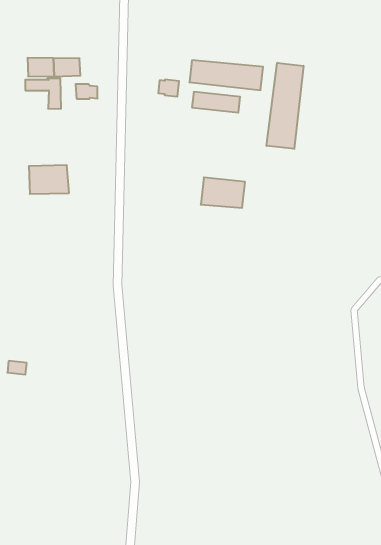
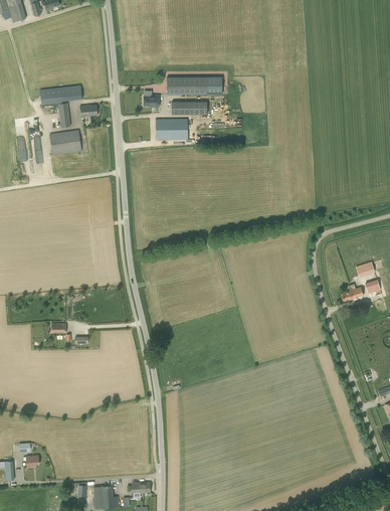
building: [267,63,303,149] -> none
building: [29,165,69,194] -> [49,130,82,155]
building: [201,177,245,208] -> [156,119,188,140]

